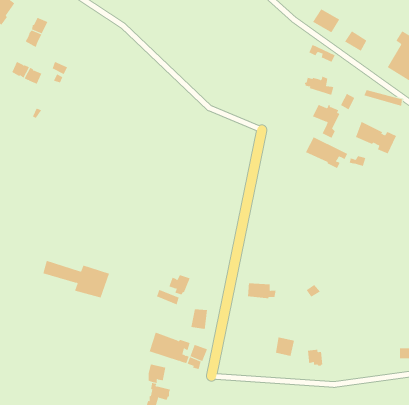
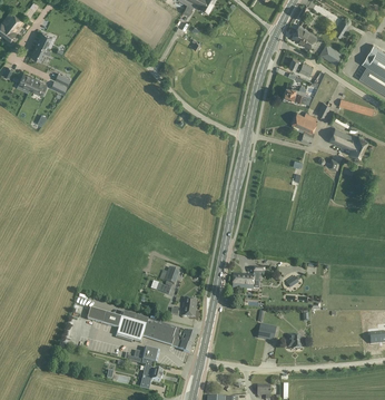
building: [305,136,348,169] -> none
building: [42,260,110,298] -> [87,306,148,341]

